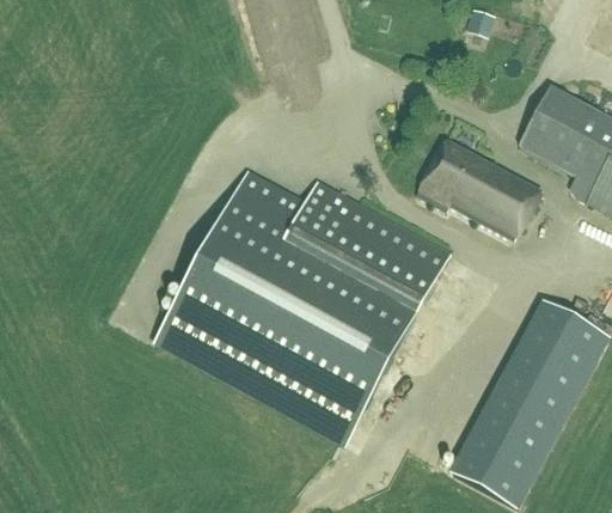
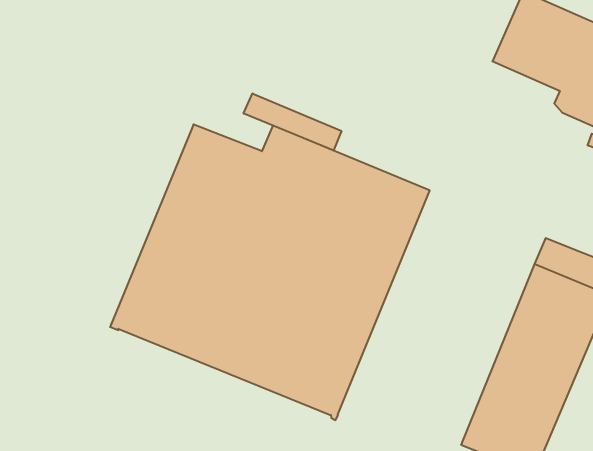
building: [415,135,541,238] -> none
building: none -> [244,93,341,151]

